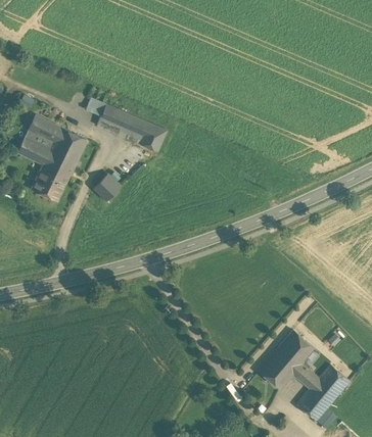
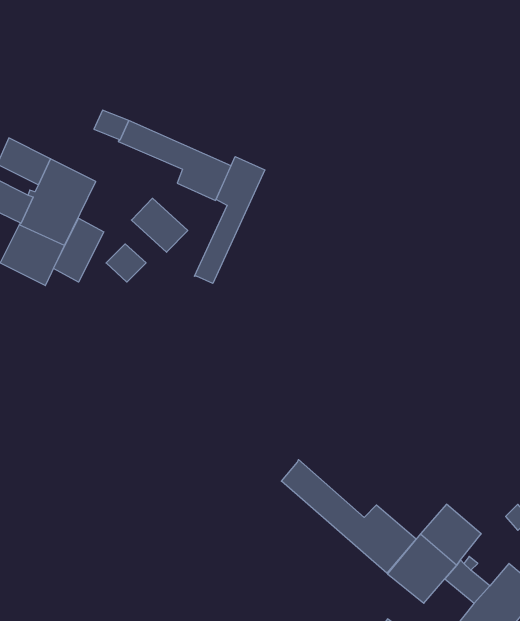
building: none -> [194,157,265,283]
building: none -> [131,198,188,252]
building: none -> [53,218,104,282]
building: none -> [281,460,416,573]

